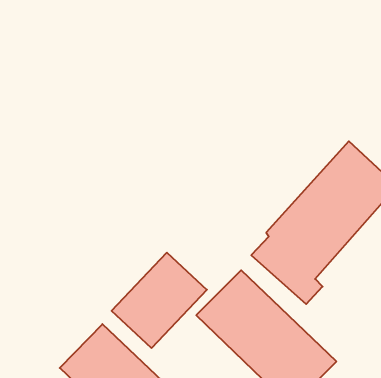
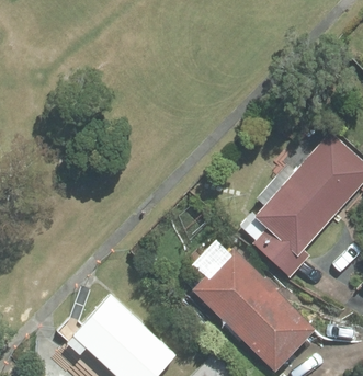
building: [112,253,207,348] -> none

